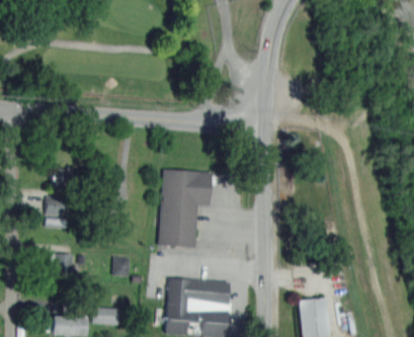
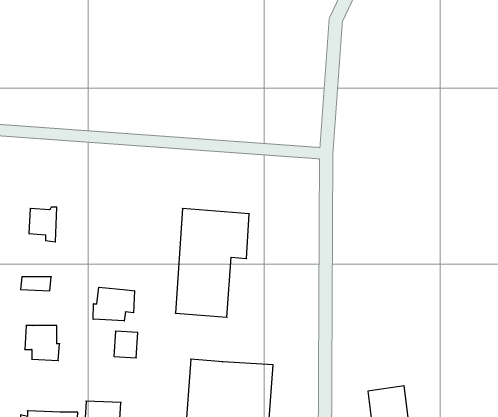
building: [46,196,68,216] -> none
building: none -> [93,287,134,321]

